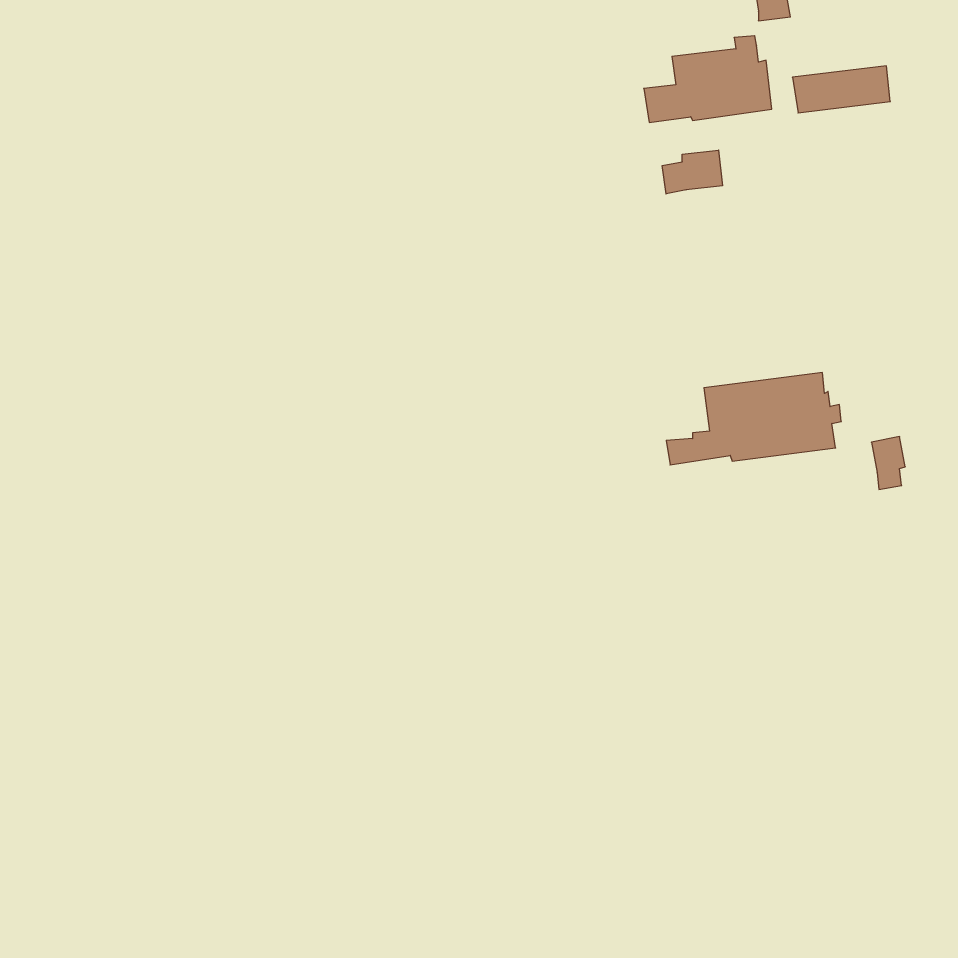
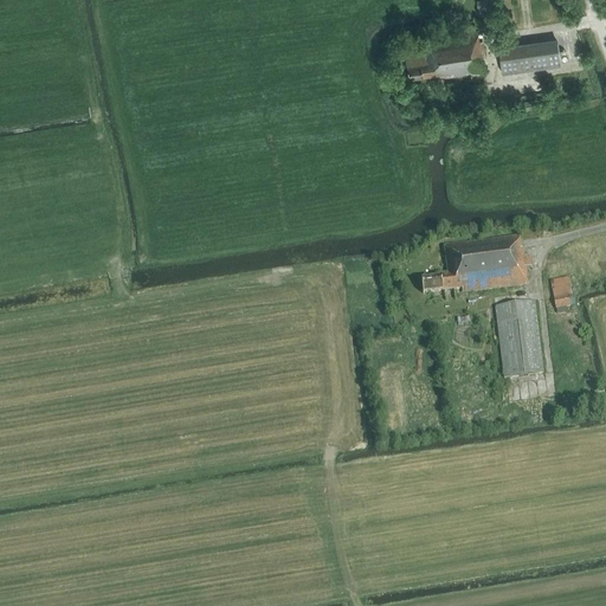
building: [662,150,722,194] -> none
building: none -> [495,299,542,376]

